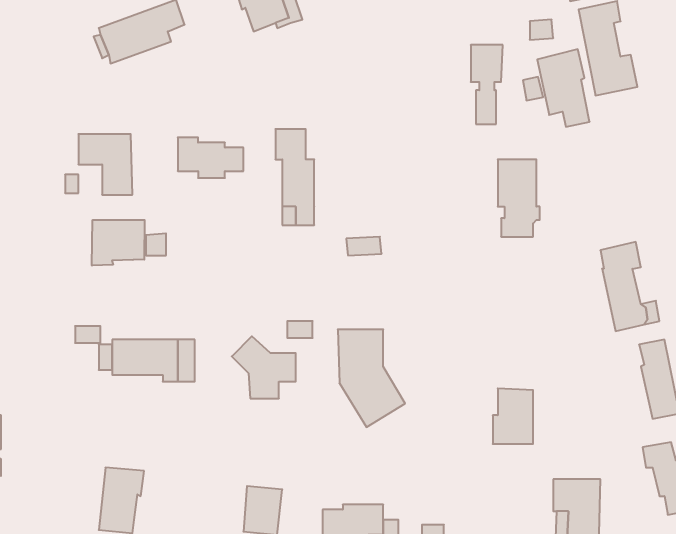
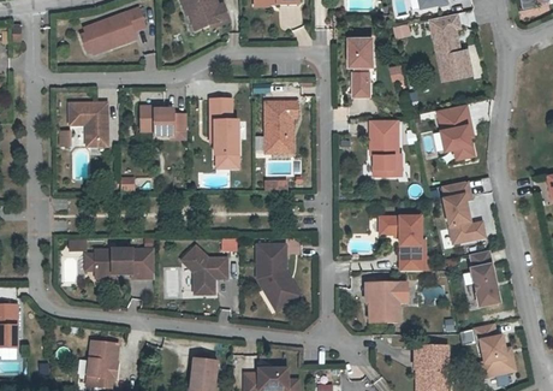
building: [537,49,590,127] -> [435,99,472,154]
building: none -> [266,103,298,155]
building: [92,220,145,266] -> none
building: none -> [379,219,420,273]

